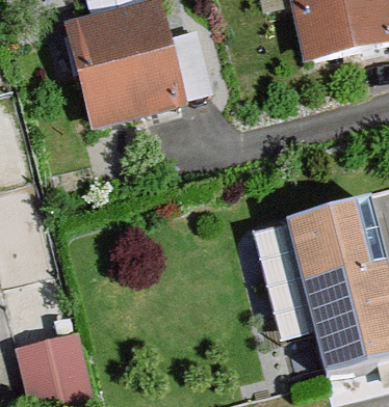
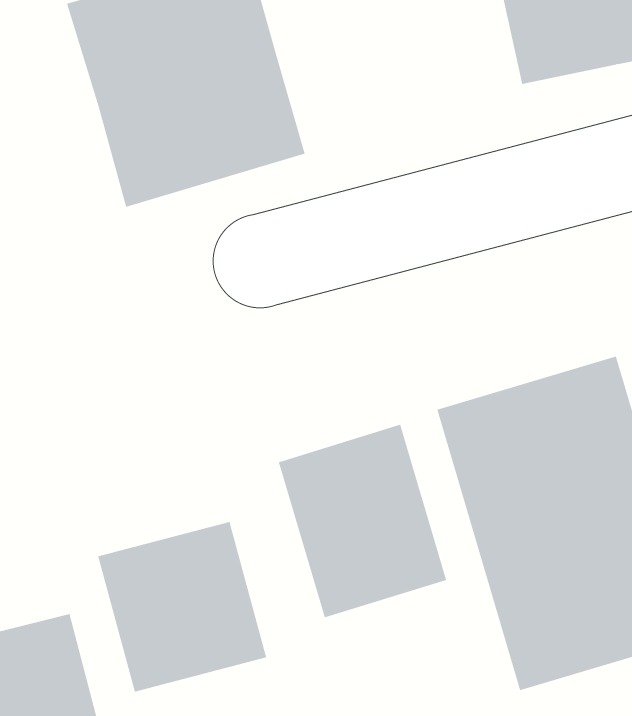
building: none -> [278,424,447,618]
building: none -> [97,521,267,692]

